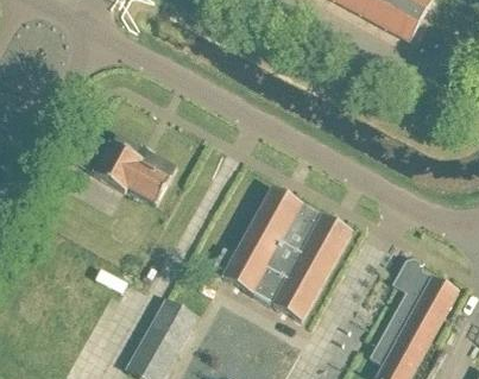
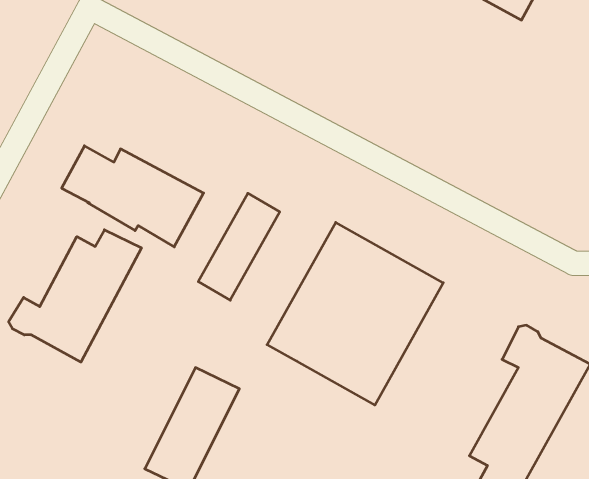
building: none -> [198,193,280,300]
building: none -> [9,230,141,362]

